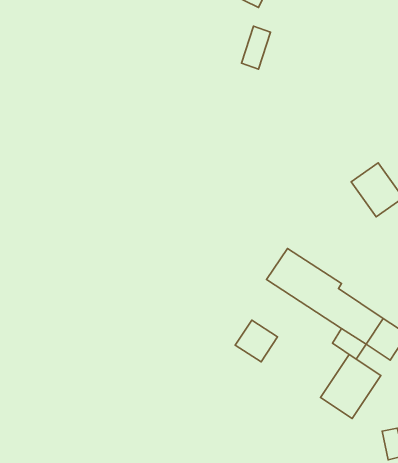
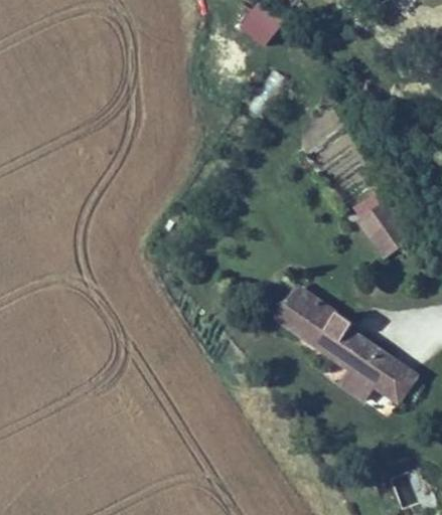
building: [235,320,277,362] -> none
building: [321,355,381,418] -> none

